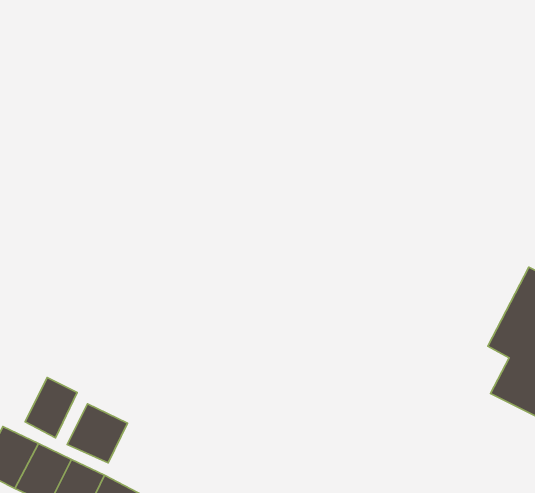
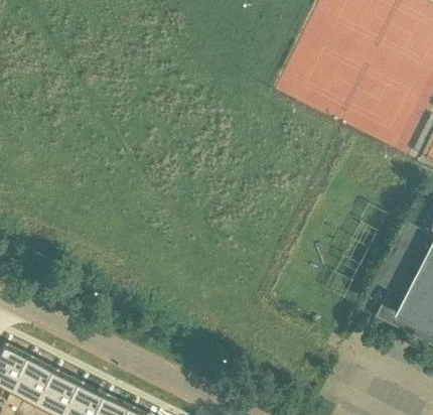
building: [25,378,77,438] -> none
building: [67,404,127,463] -> none

